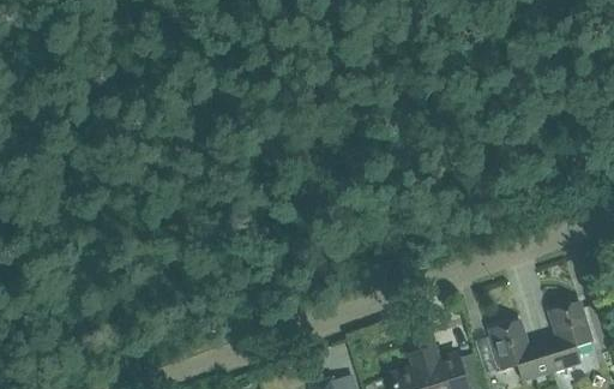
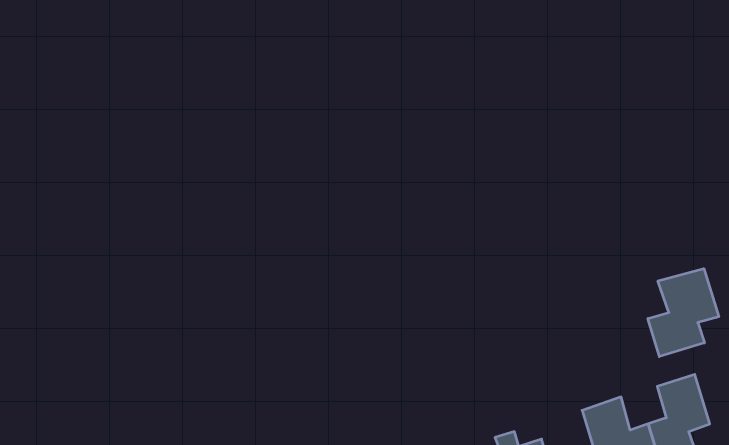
building: none -> [648,269,719,357]

